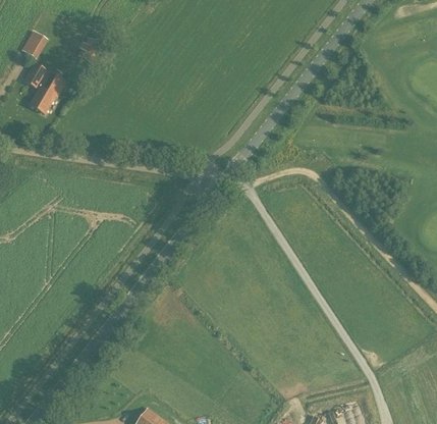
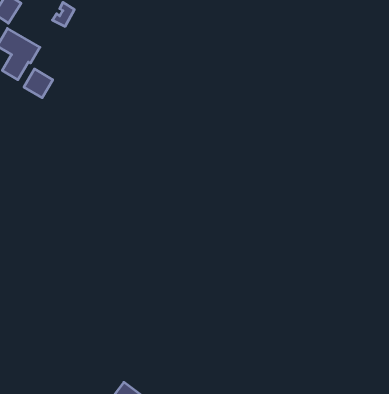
building: none -> [24,69,53,98]

